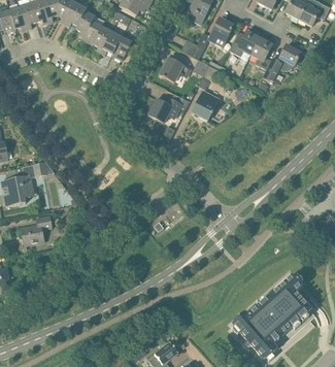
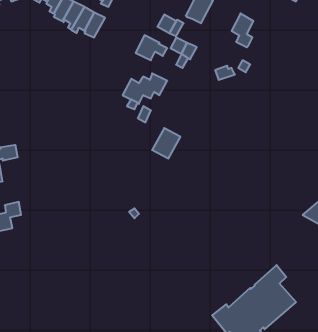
building: [229,31,259,56] -> none
building: [261,44,300,82] -> none
building: [192,91,219,120] -> [152,128,180,159]

